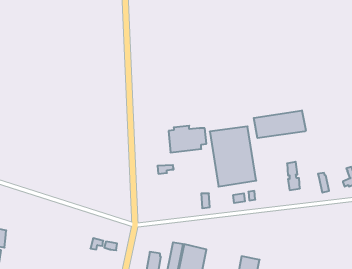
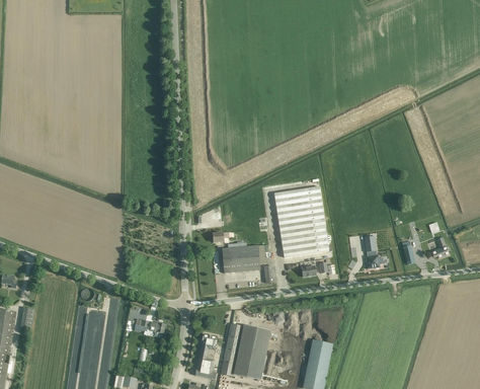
building: [254,110,306,138] -> none
building: [169,126,206,152] -> [221,242,265,274]

